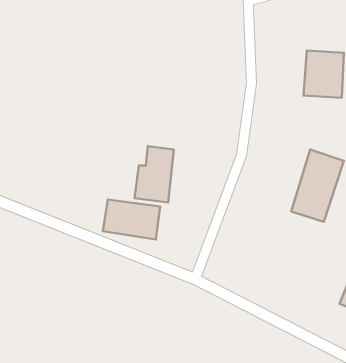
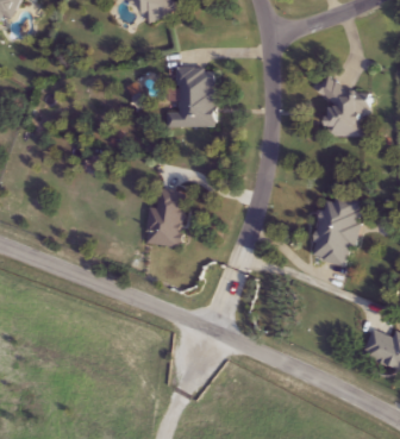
building: none -> [165,68,215,127]
building: [103,200,160,240] -> none

